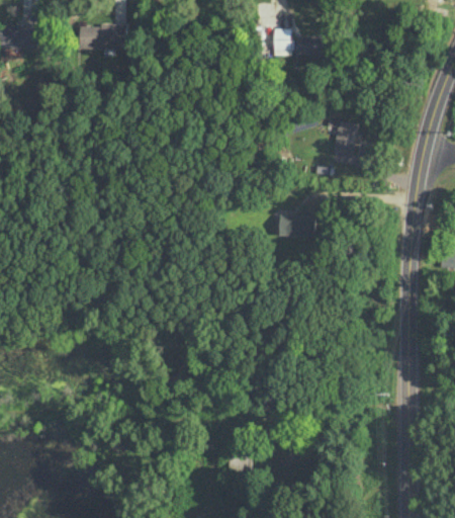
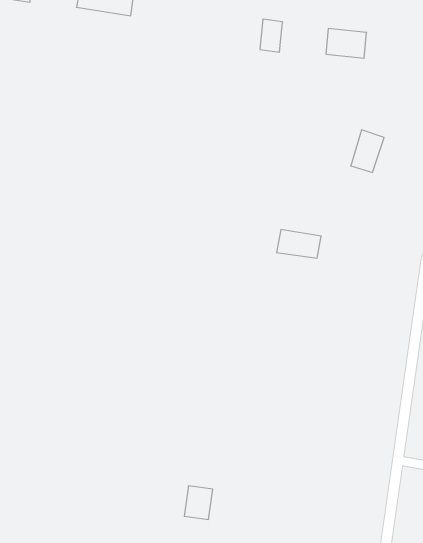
building: [274,29,292,56] -> [260,19,283,52]

